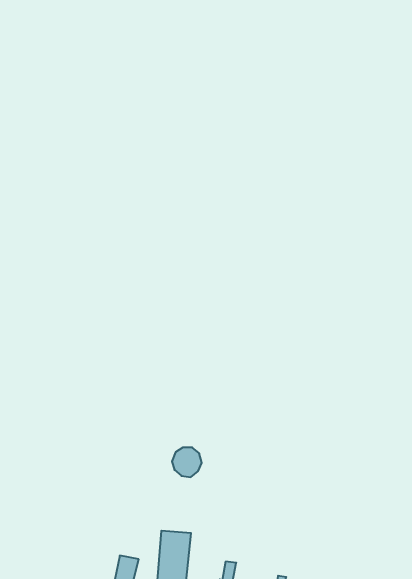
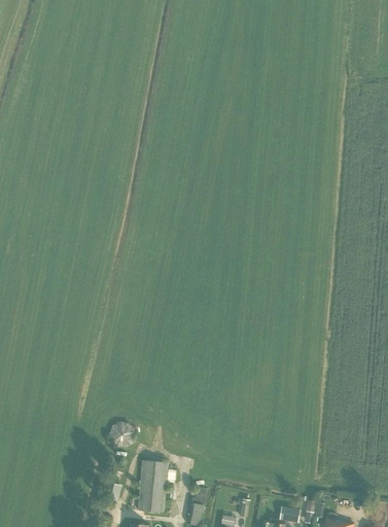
building: [172,447,202,477] -> [109,422,135,448]

